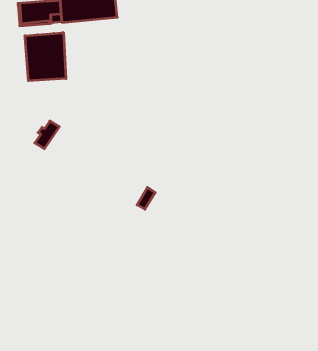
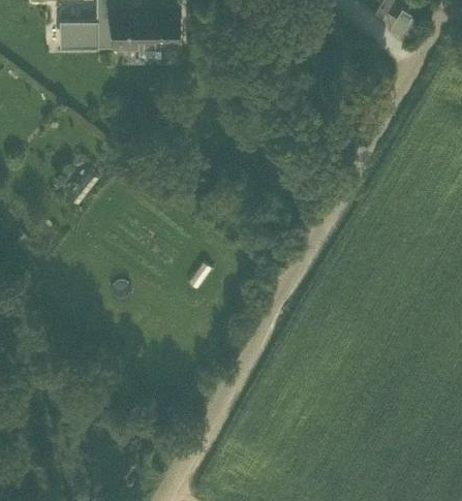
building: [25,33,66,81] -> none

